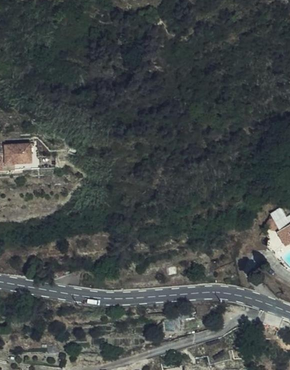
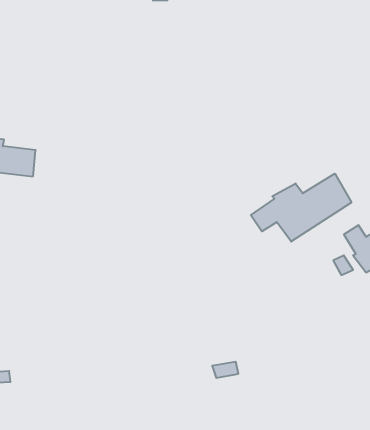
building: none -> [251,174,351,242]

